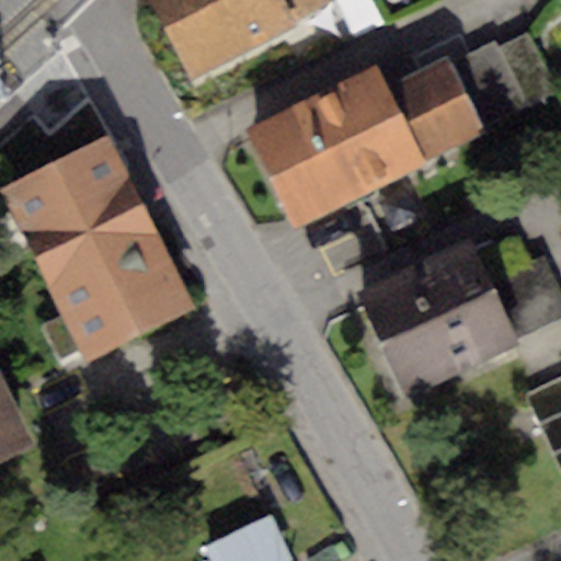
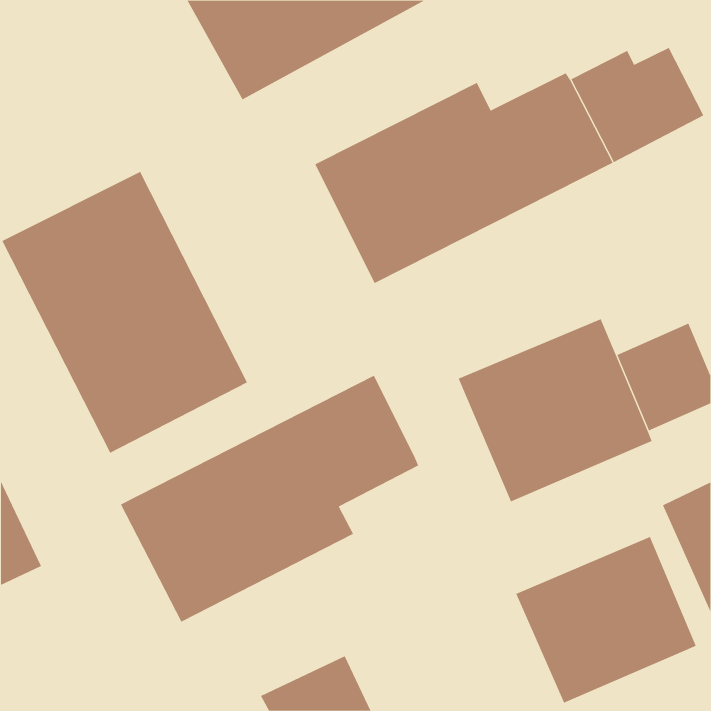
building: none -> [120,375,419,622]
building: none -> [515,536,697,704]

